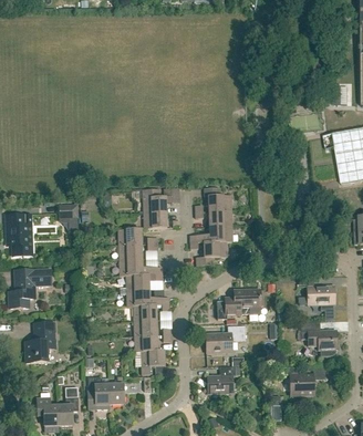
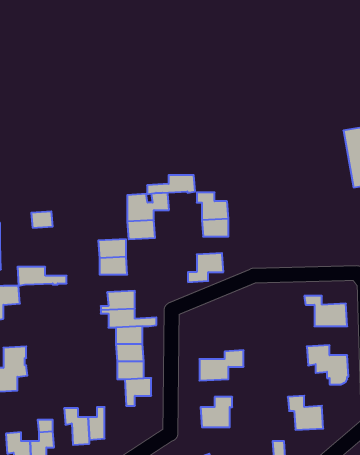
building: [190,226,232,242] -> [147,175,195,194]
building: [118,259,162,276] -> [17,267,67,286]
building: [217,289,261,319] -> none

